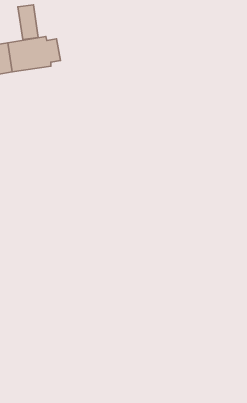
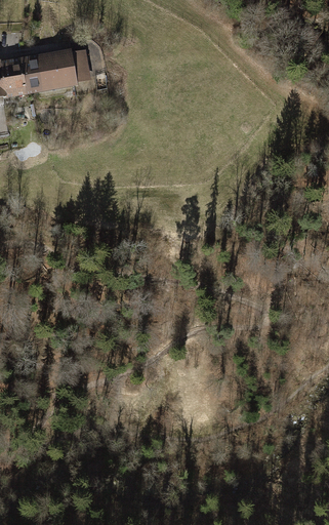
building: [18,5,38,40] -> none

